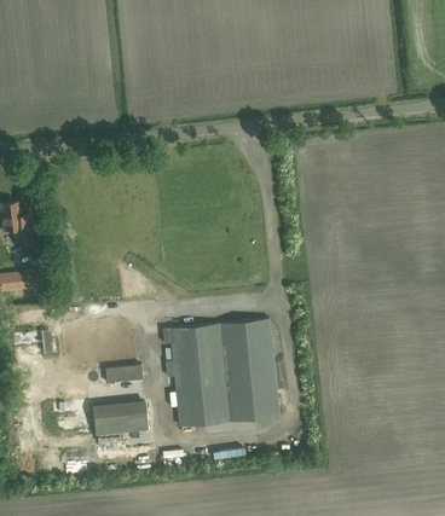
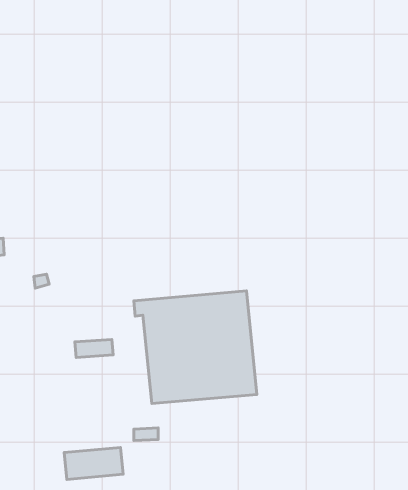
building: [93,404,149,434] -> [64,447,123,479]

